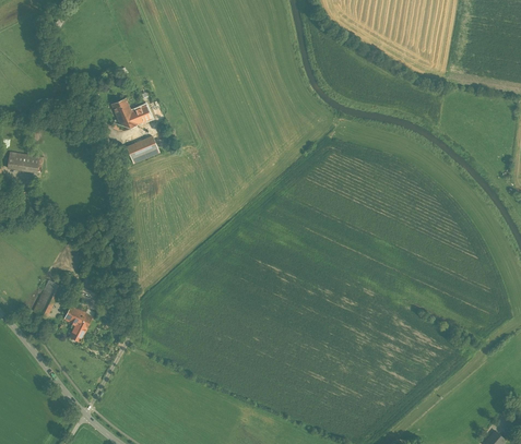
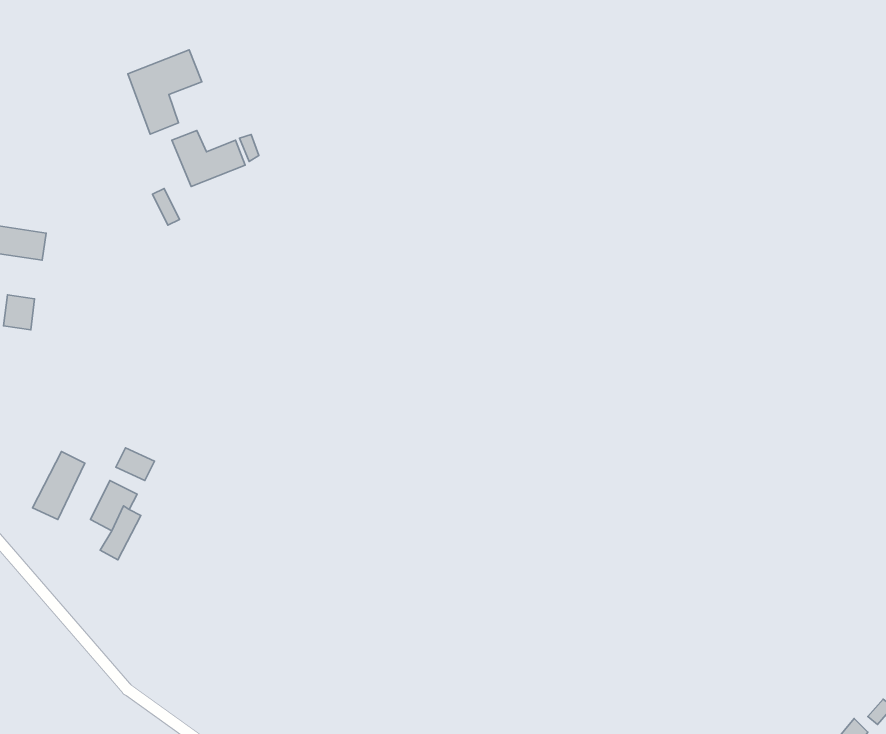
building: none -> [128,50,202,134]
building: [126,136,158,164] -> none

